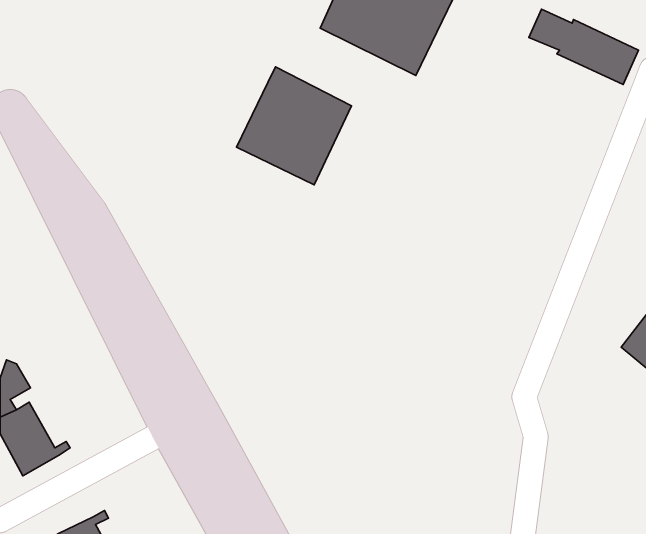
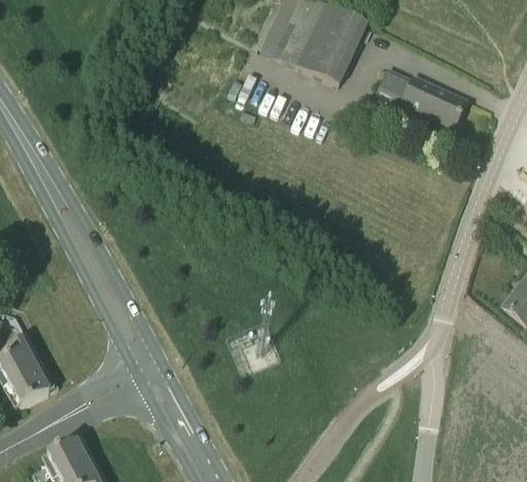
building: [529,9,639,85] -> [380,67,468,128]
building: [236,67,352,185] -> none

